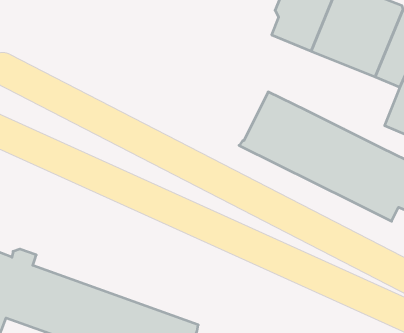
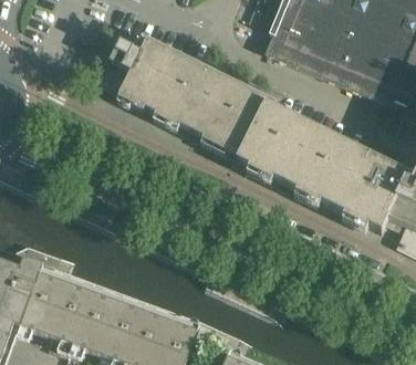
building: none -> [102,39,268,152]

